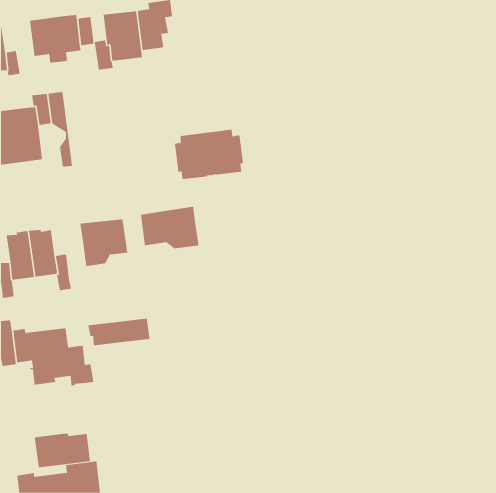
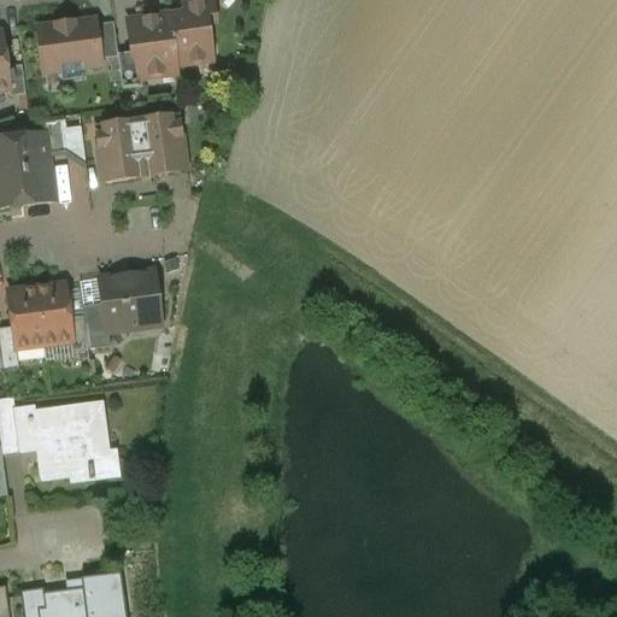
building: [174,129,244,180] -> [96,116,183,178]
building: [141,206,199,249] -> none
building: none -> [82,301,110,347]
building: [88,318,150,346] -> none
building: [34,433,90,468] -> none

